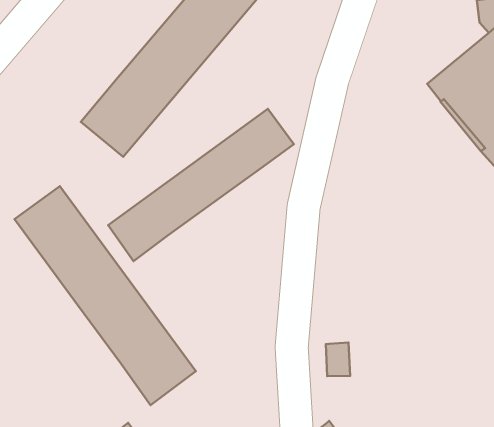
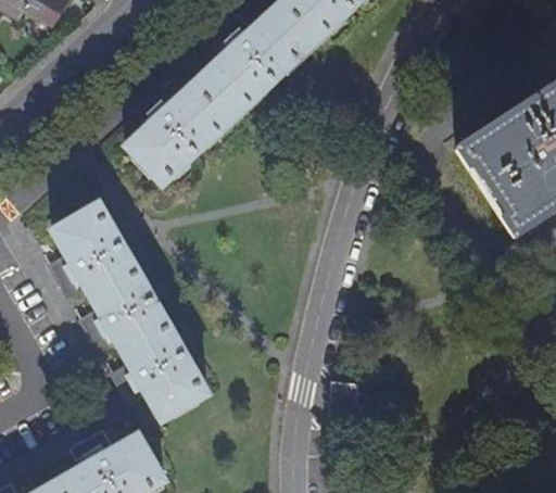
building: [108,109,294,261] -> none

